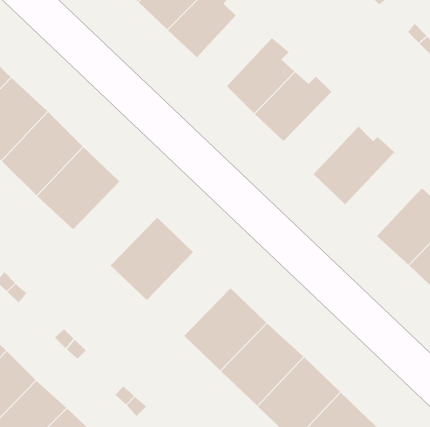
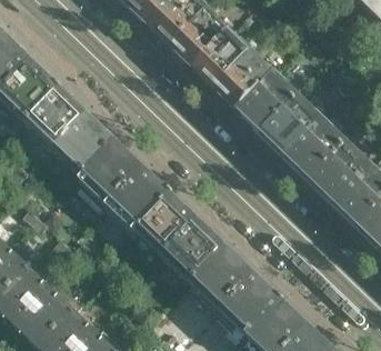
building: none -> [180,20,237,73]
building: none -> [245,78,302,140]
building: none -> [292,123,350,187]
building: none -> [87,146,150,209]
building: none -> [142,199,205,262]

